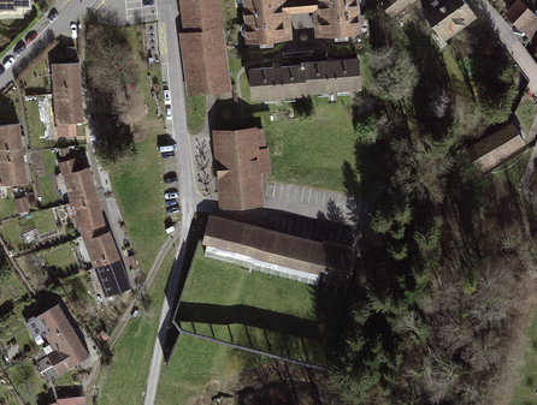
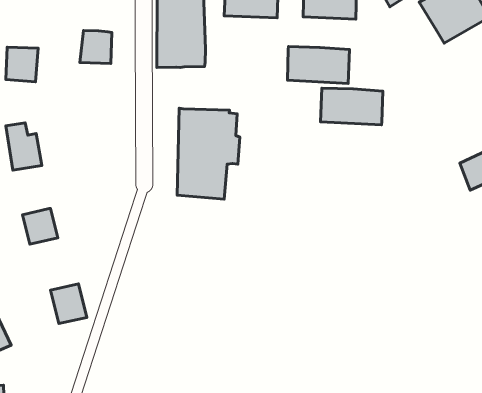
building: [54,65,82,95] -> [80,30,112,64]
building: [249,67,306,101] -> [321,88,383,125]
building: [72,196,108,242] -> none
building: [201,212,358,279] -> none
building: [95,258,130,296] -> [51,284,87,324]

